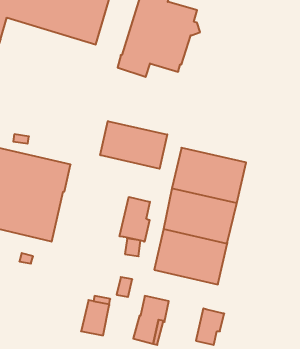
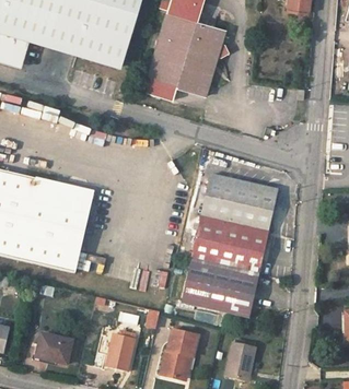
building: [100,121,167,169] -> none
building: [120,197,150,242] -> none
building: none -> [36,334,72,365]

